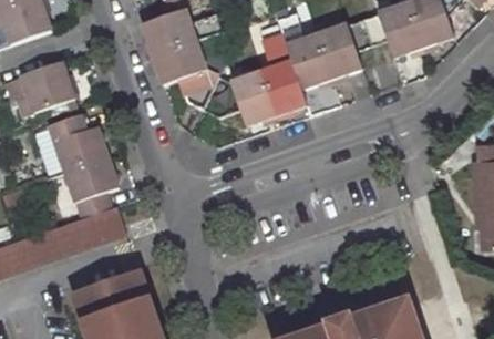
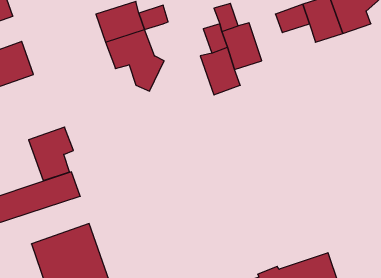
building: [318,27,362,80] -> none
building: [205,74,278,129] -> none
building: [50,111,109,170] -> none

